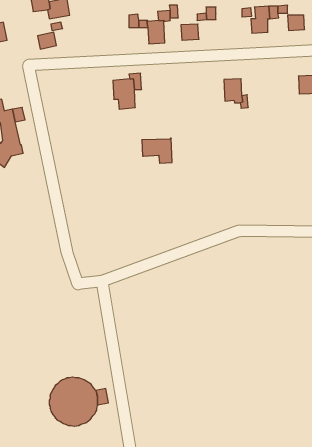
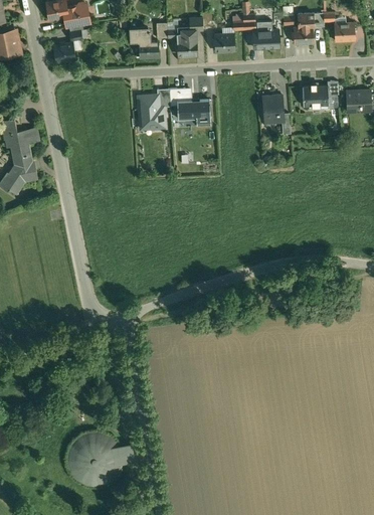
building: none -> [130,29,158,57]
building: none -> [253,30,278,47]
building: none -> [302,83,328,108]
building: [142,138,172,163] -> [176,99,210,127]

